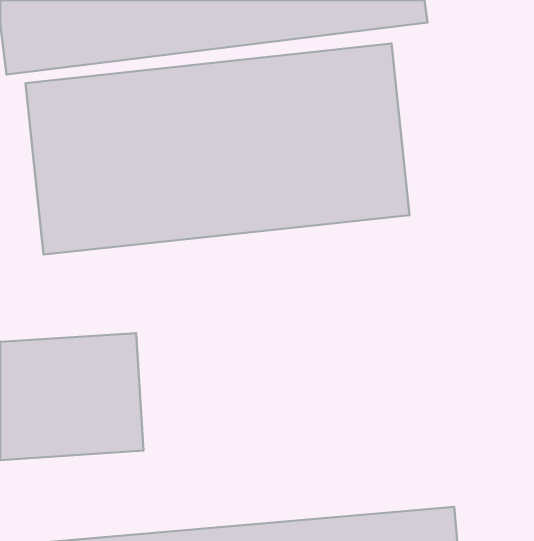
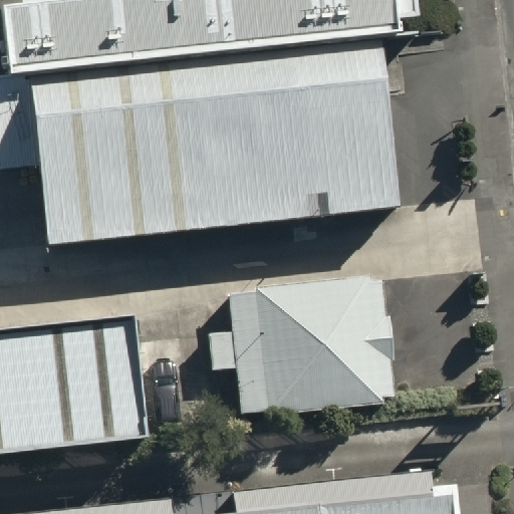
building: none -> [205,284,394,403]

